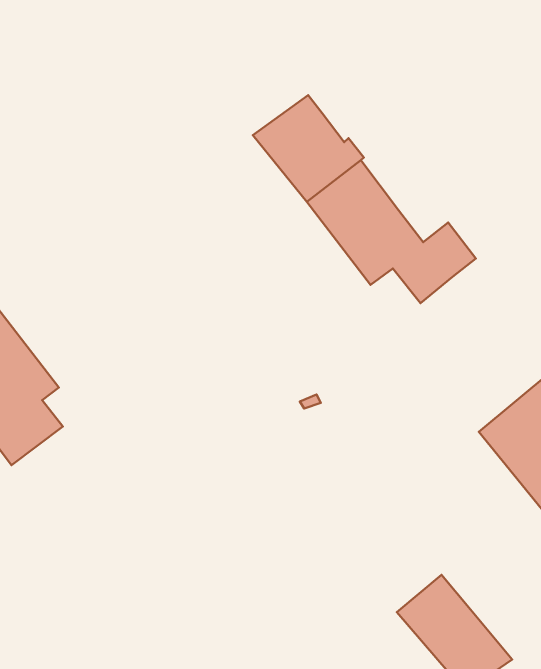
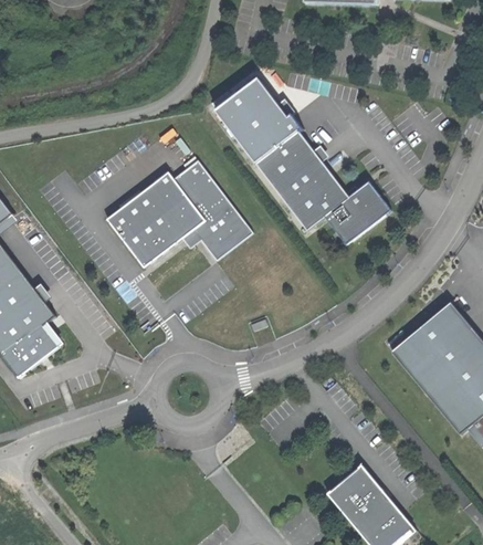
building: none -> [107,163,250,268]

